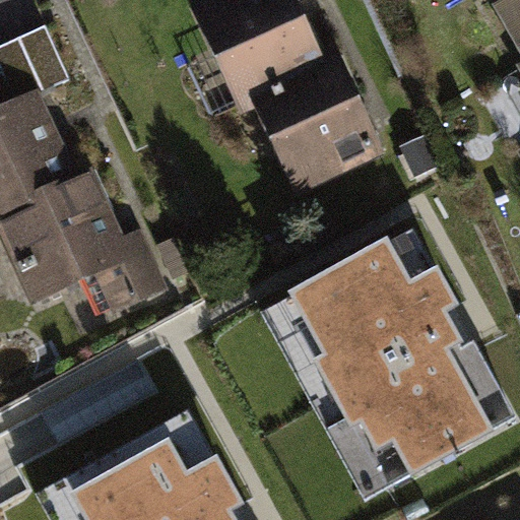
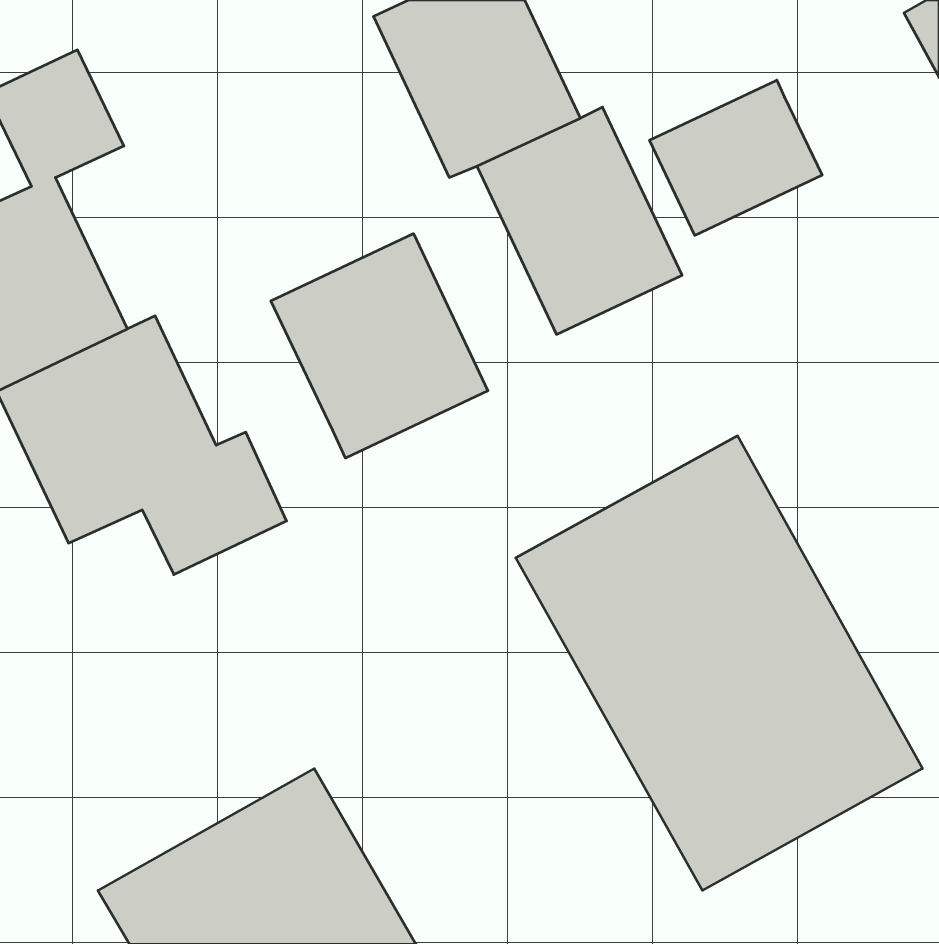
building: none -> [650,80,822,235]
building: none -> [271,234,488,458]

